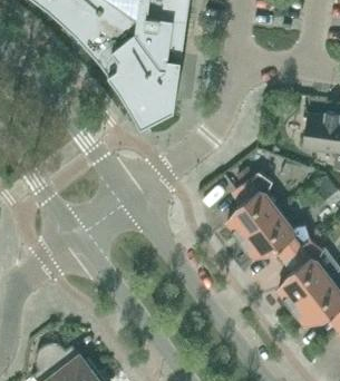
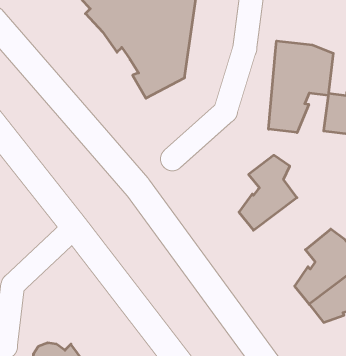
building: none -> [269,41,333,133]
building: [237,211,309,258] -> none

